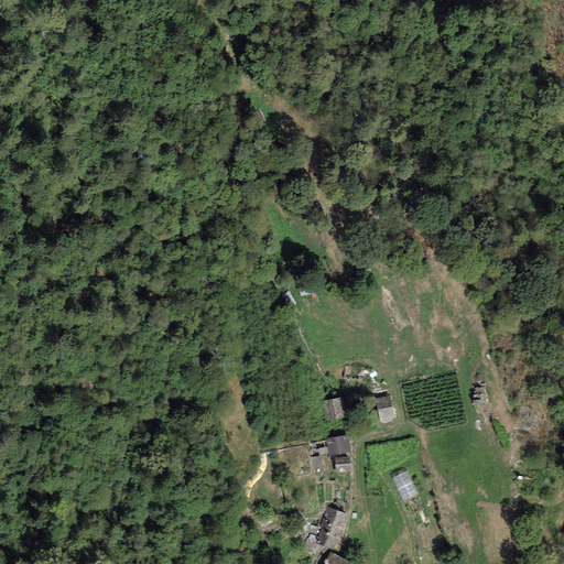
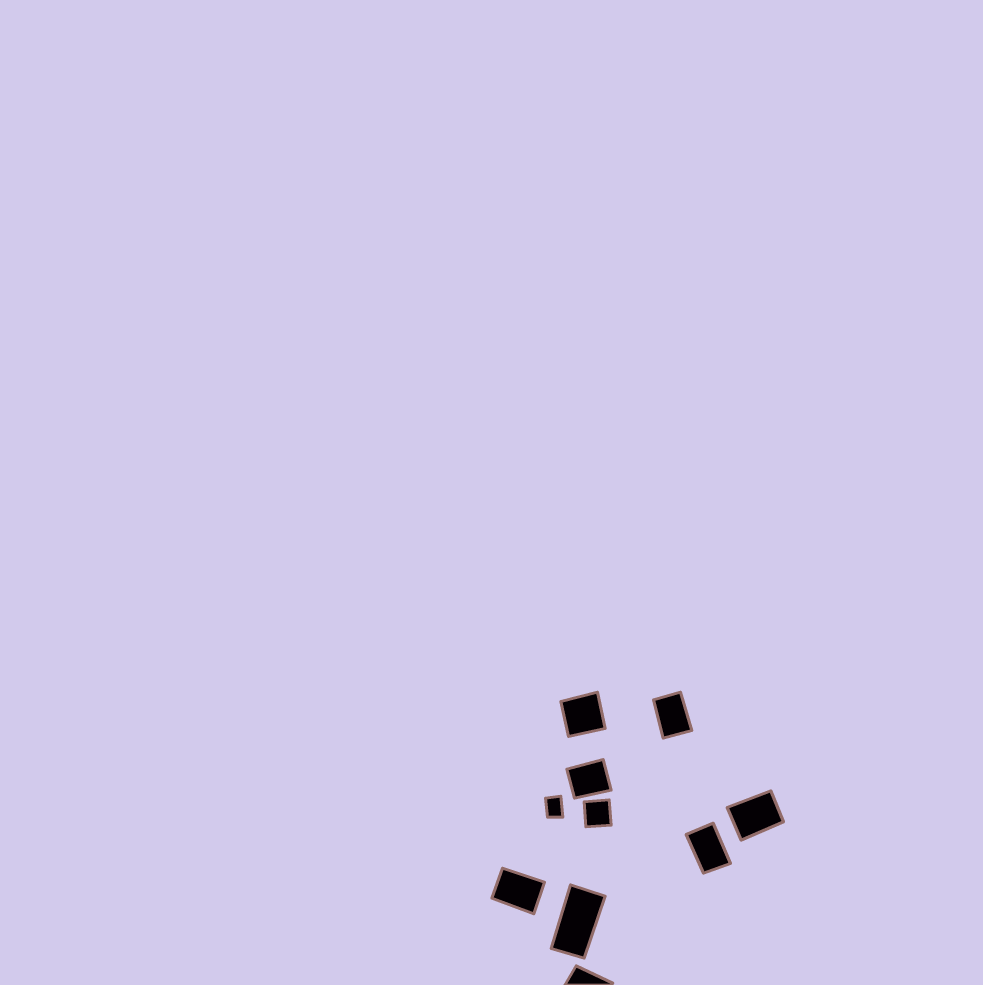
building: none -> [727,791,784,840]
building: none -> [492,868,544,914]

